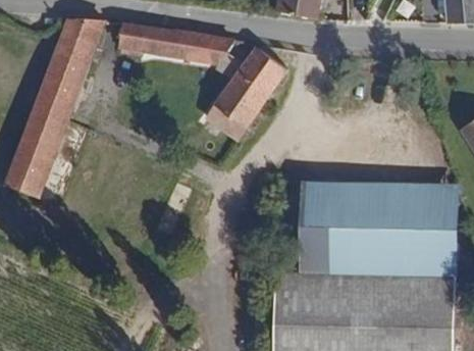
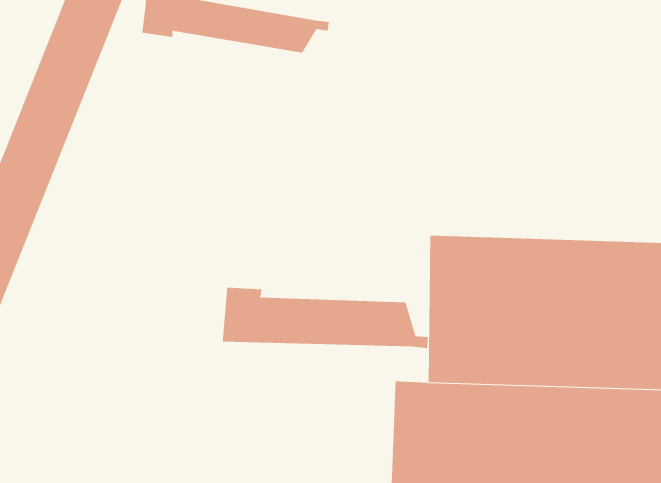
building: [200,50,288,158] -> none
building: none -> [222,287,428,349]

